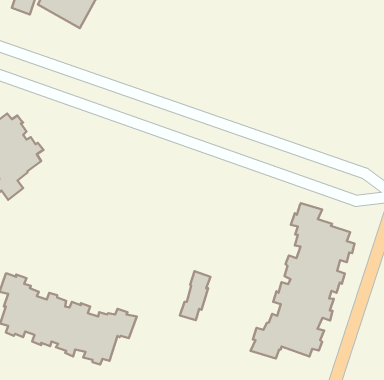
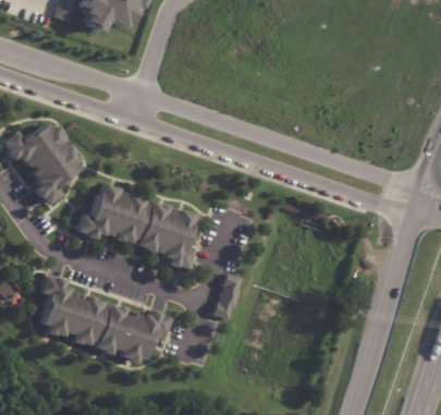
building: none -> [77,182,195,268]
building: [251,203,354,358] -> none

